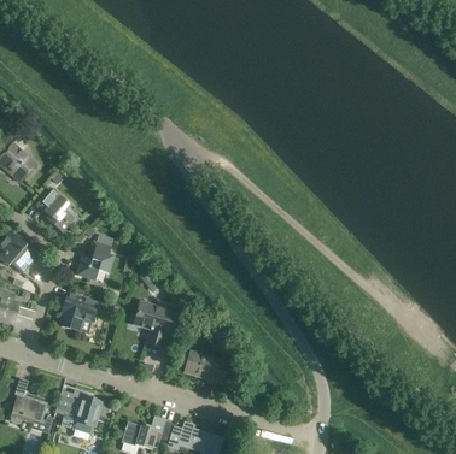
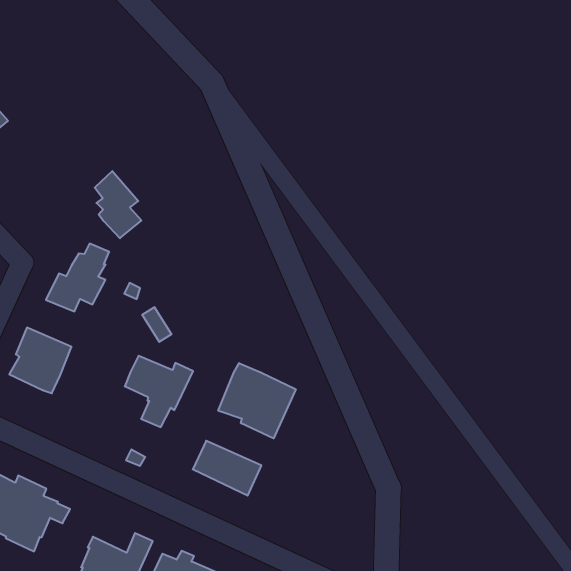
building: [41,188,74,230] -> [95,171,141,238]
building: none -> [218,363,296,438]

